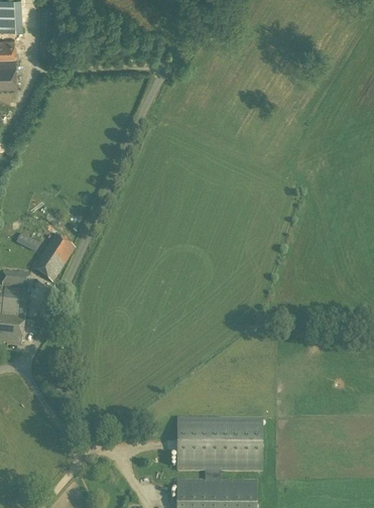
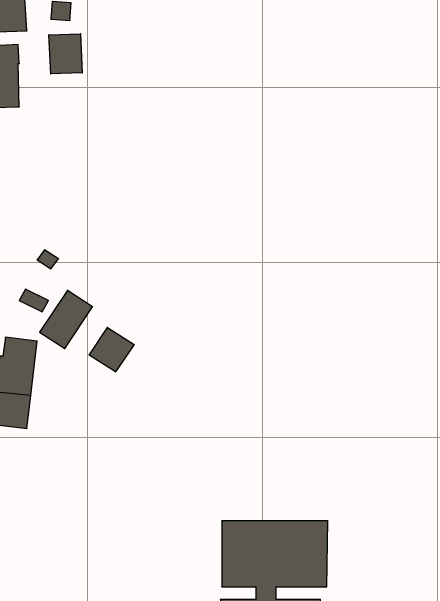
building: none -> [49,34,82,74]
building: none -> [89,327,134,372]

